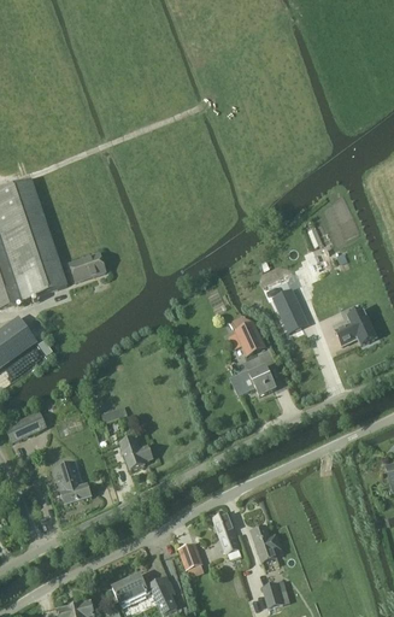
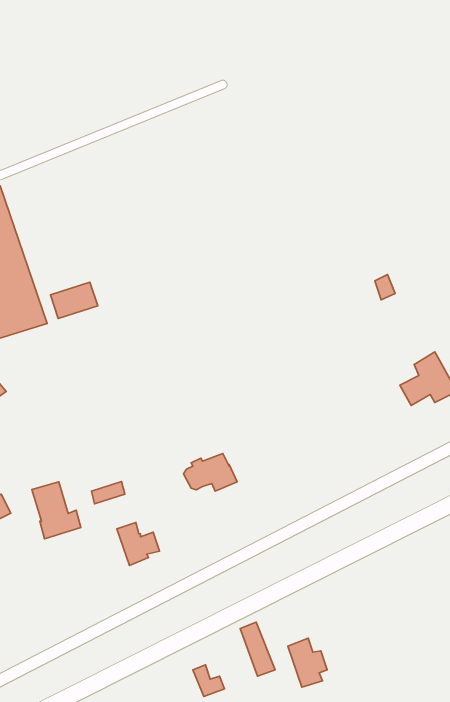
building: [274,290,308,331] -> none
building: [236,321,265,353] -> none
building: [235,365,276,394] -> [183,453,237,491]
building: [54,460,92,504] -> [32,482,81,539]

